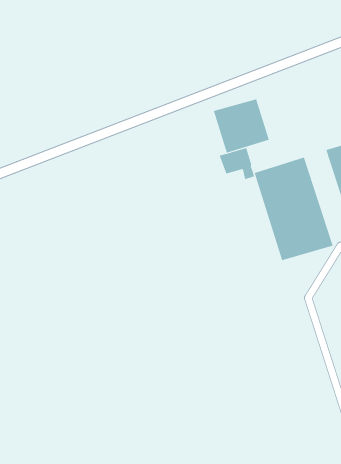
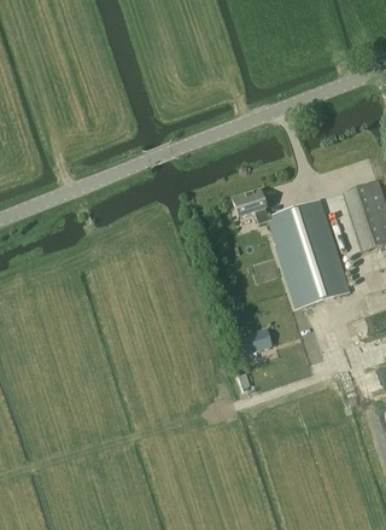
building: [213,99,269,153] -> none
building: none -> [239,327,271,354]

